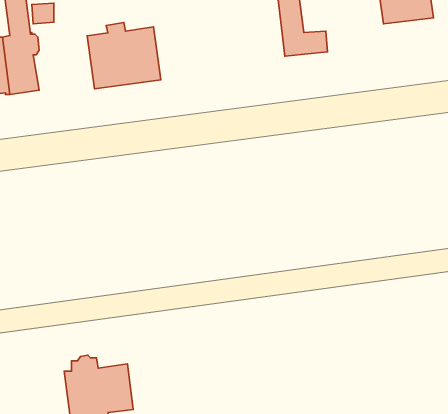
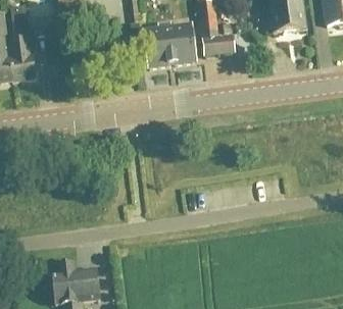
building: [87,22,161,89] -> [145,20,196,66]

